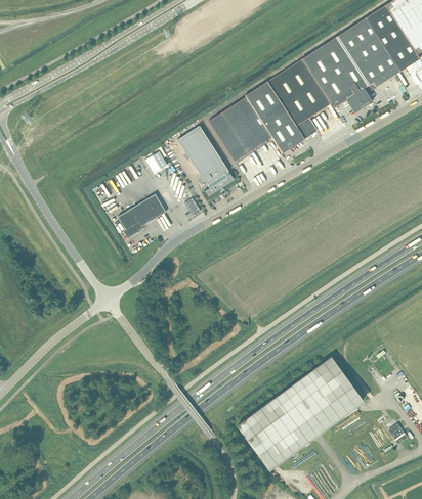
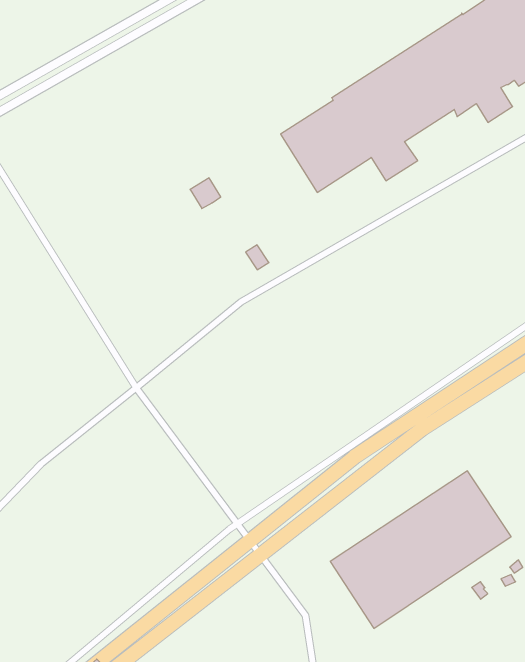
building: [176,126,234,196] -> none
building: [117,194,165,238] -> none

